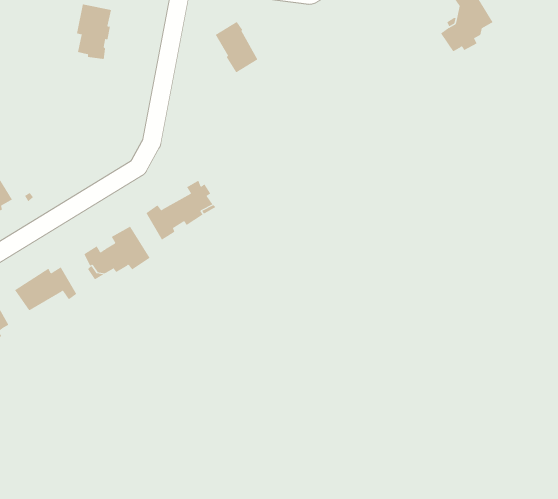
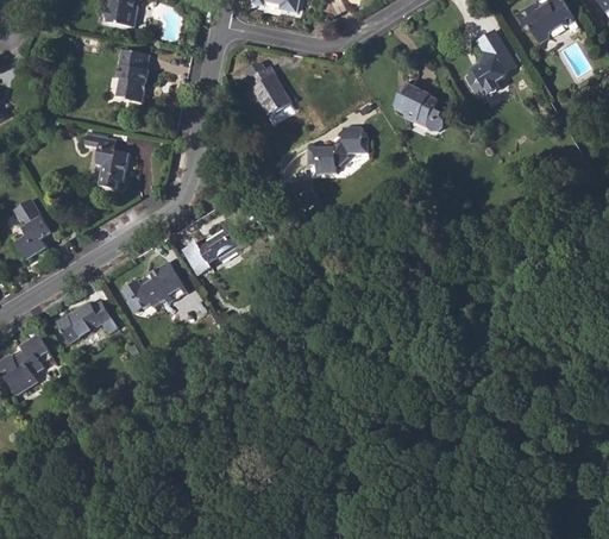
building: none -> [394,83,444,131]
building: none -> [308,127,369,174]
building: none -> [83,133,128,188]

